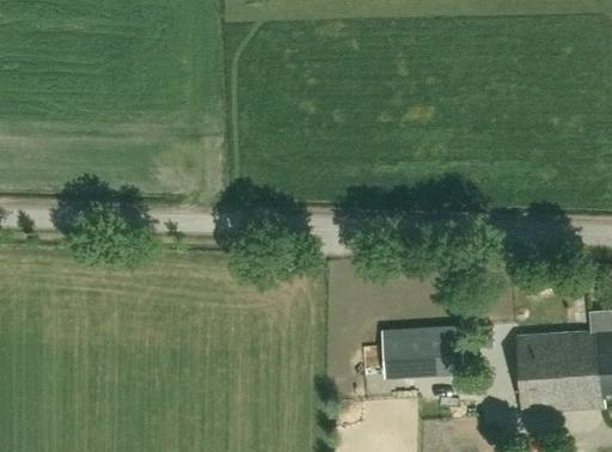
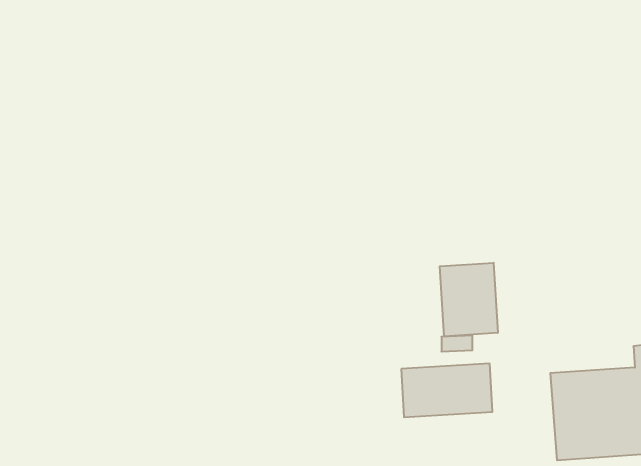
building: none -> [440,263,498,336]

